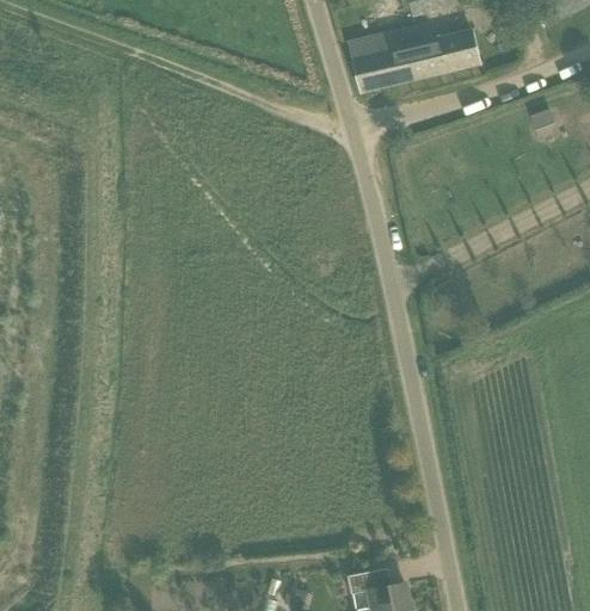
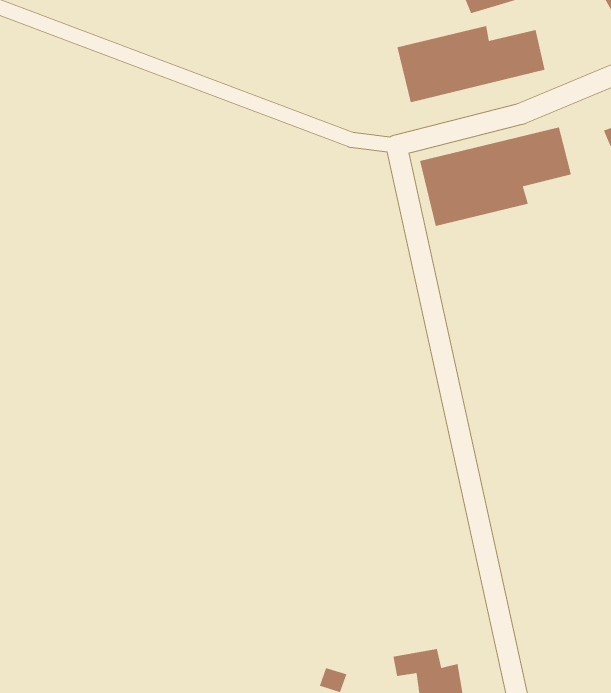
building: none -> [419,127,572,227]

